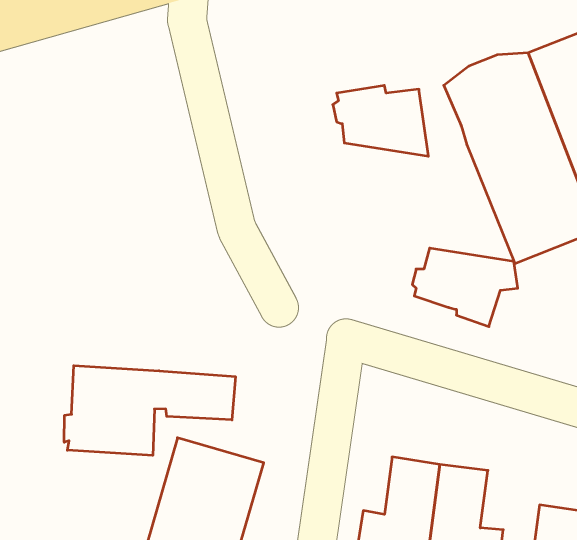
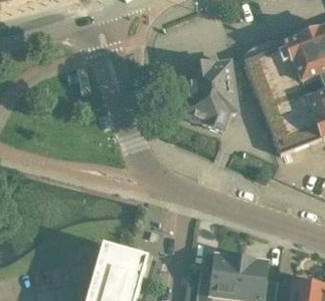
building: [412,248,518,327] -> [181,89,236,130]
building: [64,366,235,455] -> none

